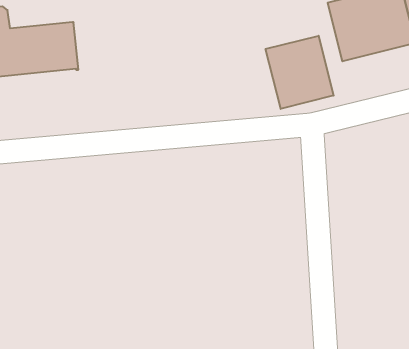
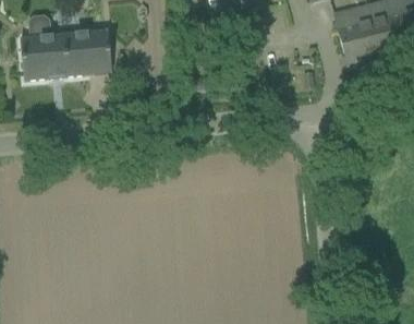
building: [266,36,334,109] -> none

